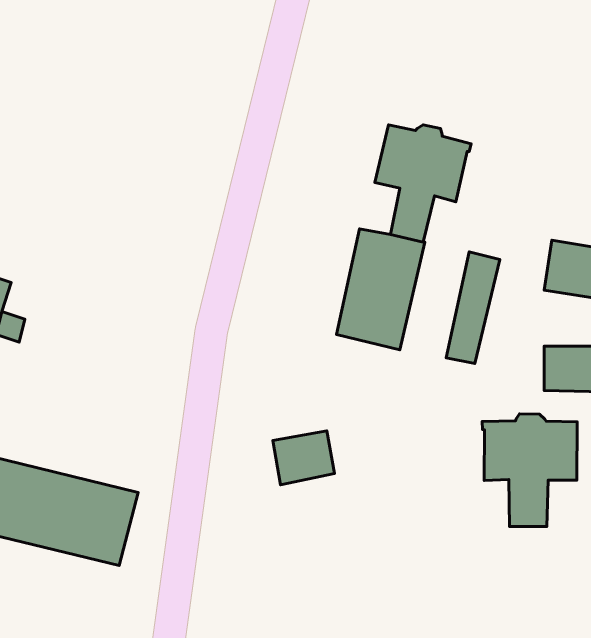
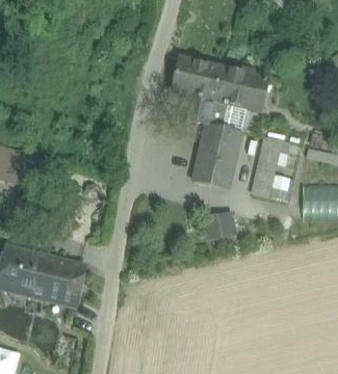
building: none -> [173,57,228,127]
building: [482,414,577,526] -> none
building: [273,431,334,485] -> [205,210,238,239]

